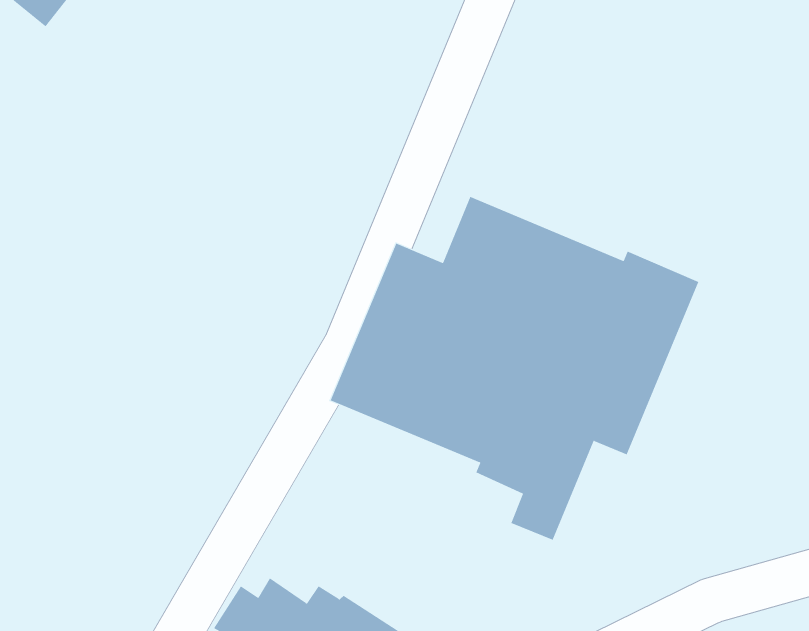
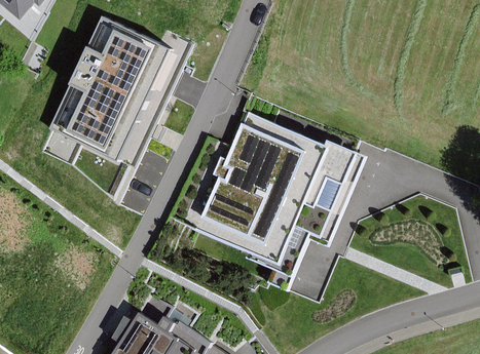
building: none -> [43,17,167,161]

